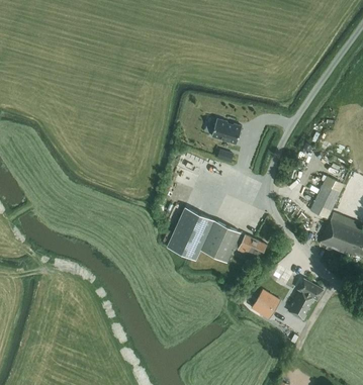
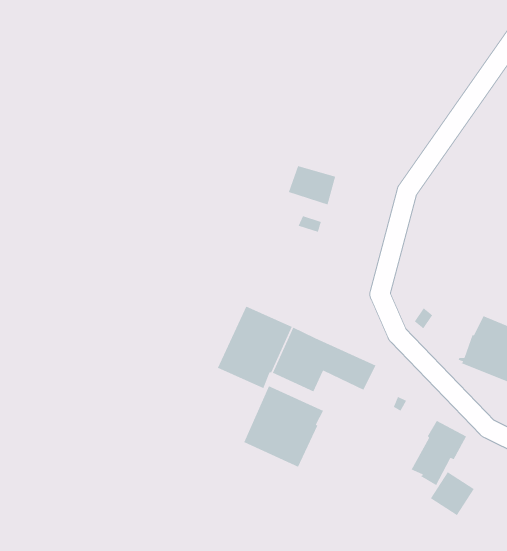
building: [309,185,339,219] -> none
building: none -> [243,385,324,468]
building: [251,290,279,318] -> [430,471,475,516]

